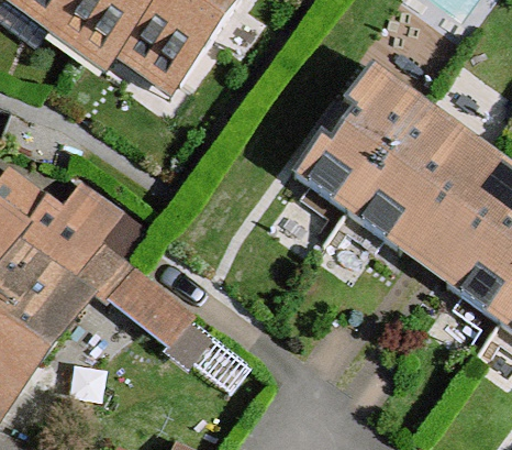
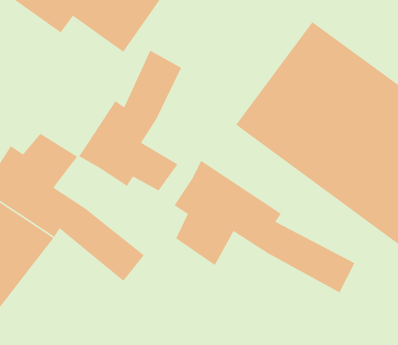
building: none -> [78,49,182,191]
building: none -> [173,160,356,293]

